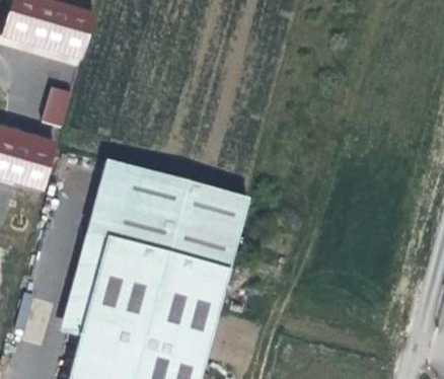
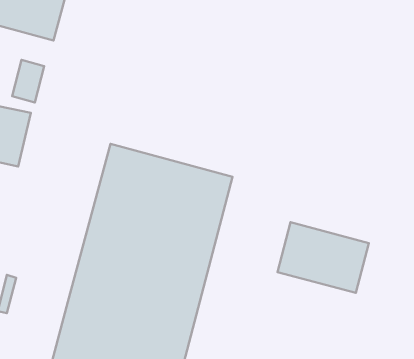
building: [67,159,131,320] -> none
building: none -> [277,222,369,293]

